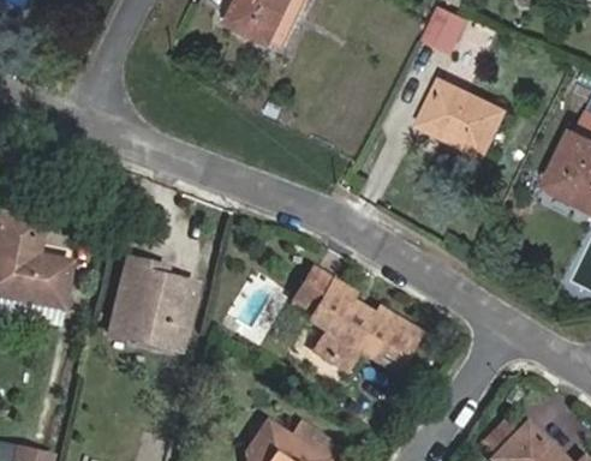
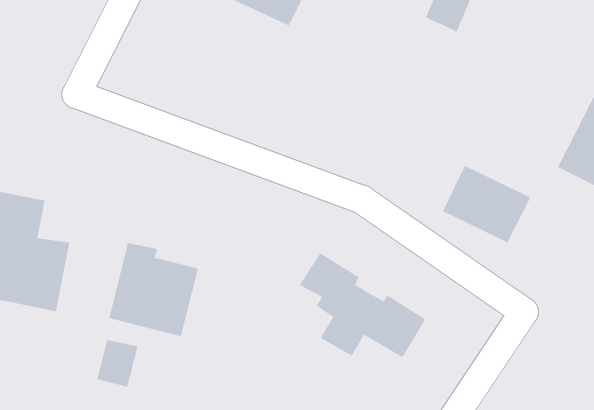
building: [418,79,505,155] -> [442,165,531,243]
building: none -> [97,339,138,388]

